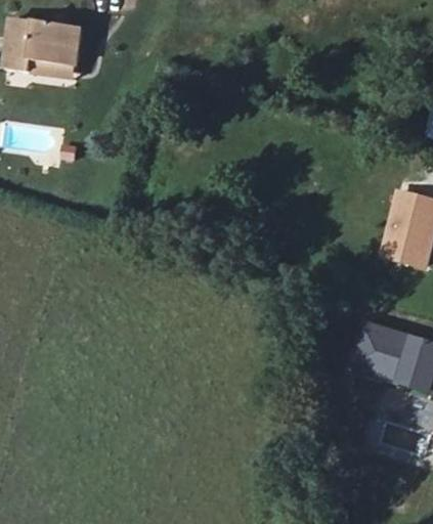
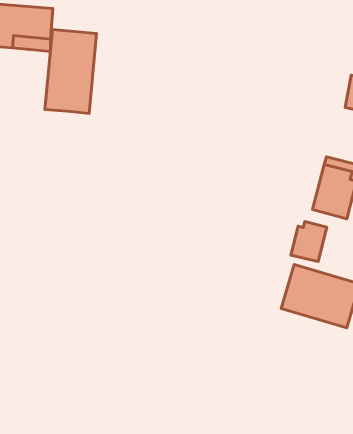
building: none -> [45,30,97,113]
building: none -> [291,221,327,262]

